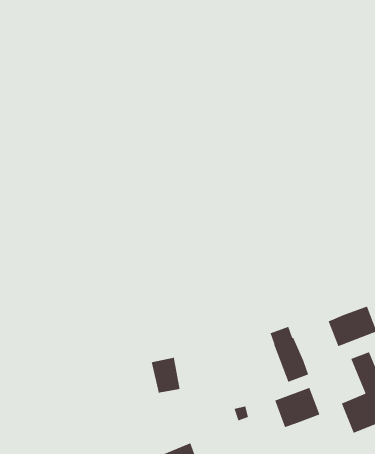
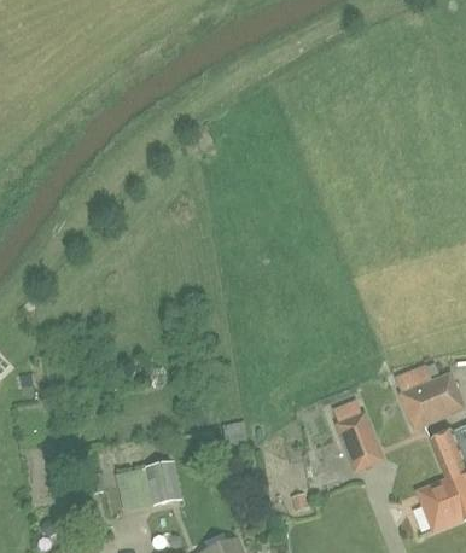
building: [151,357,180,394] -> [145,461,180,505]
building: [274,387,320,428] -> none

